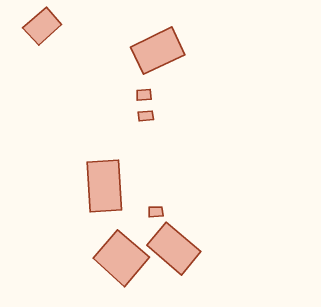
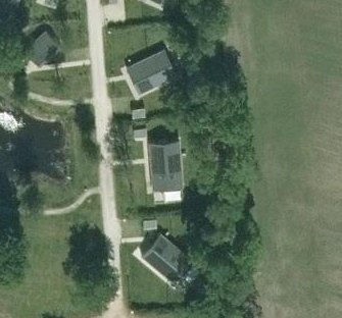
building: [87,160,122,212] -> [149,141,182,190]
building: [93,230,149,287] -> none

